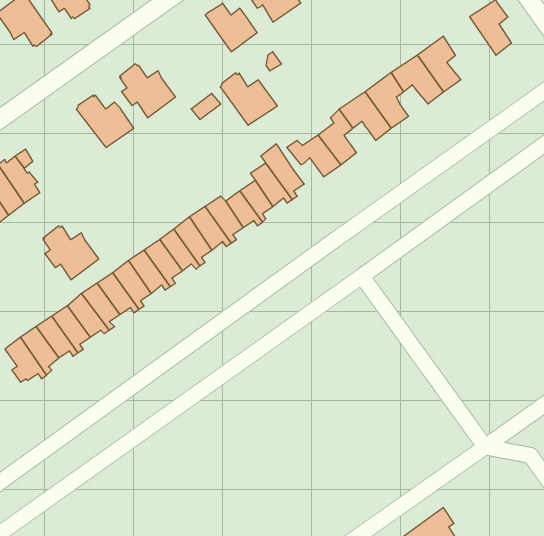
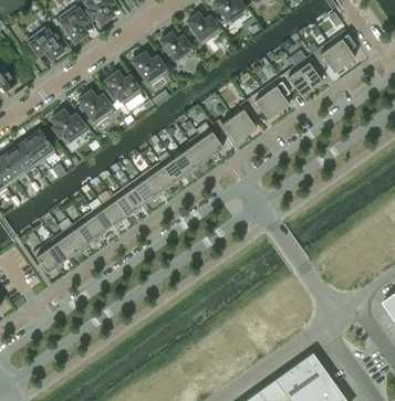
building: none -> [312,41,345,73]
building: [220,73,277,125] -> [133,52,169,85]
building: [43,226,99,280] -> [52,109,87,144]

